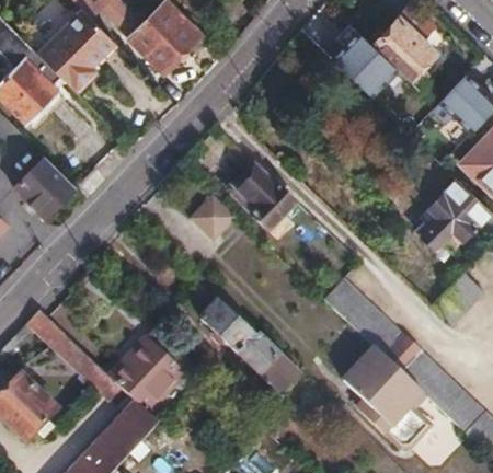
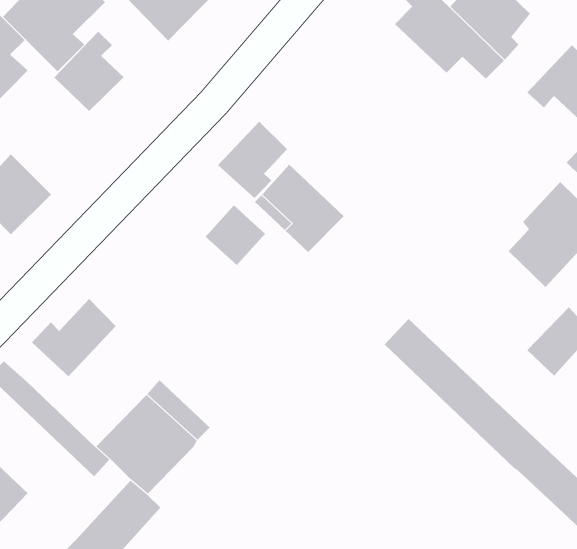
building: none -> [54,31,124,112]
building: none -> [217,121,288,199]
building: none -> [31,298,117,377]
building: [198,299,301,394] -> none
building: [342,346,427,446] -> none

